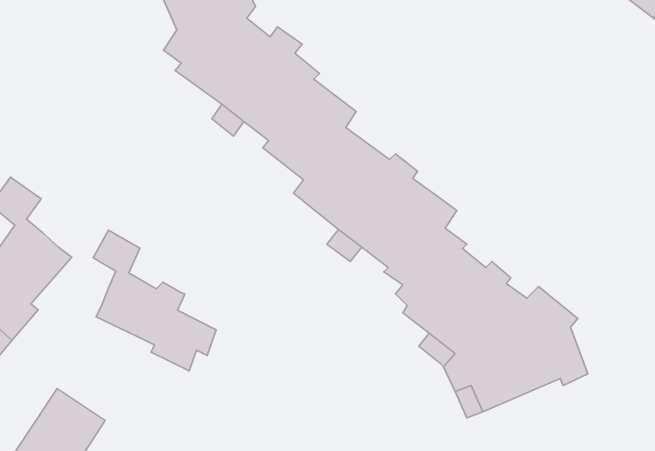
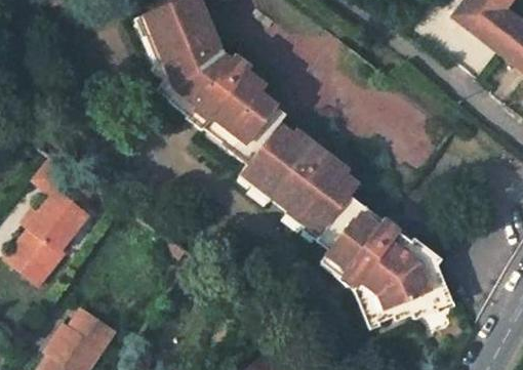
building: [93,230,216,371] -> none

